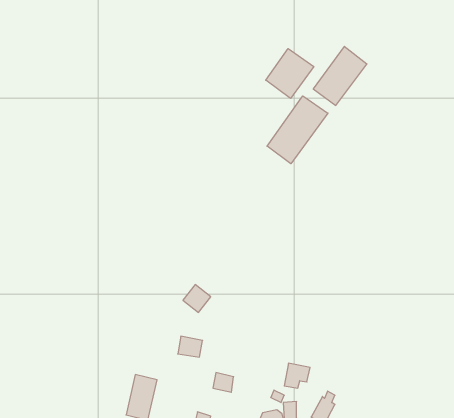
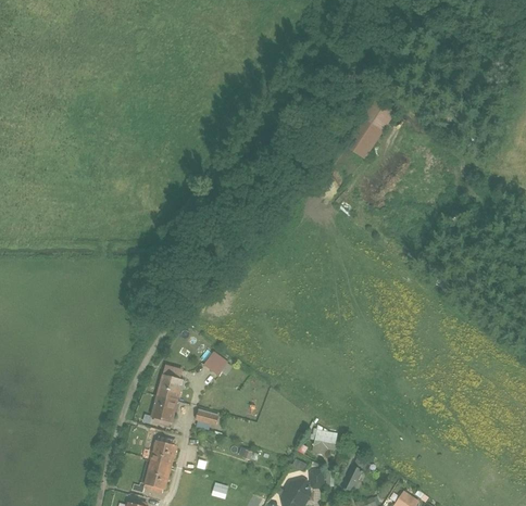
building: [266,49,314,98] -> none
building: [267,96,328,164] -> none
building: none -> [149,376,181,425]

